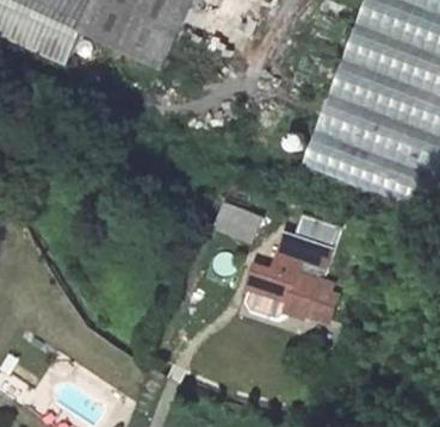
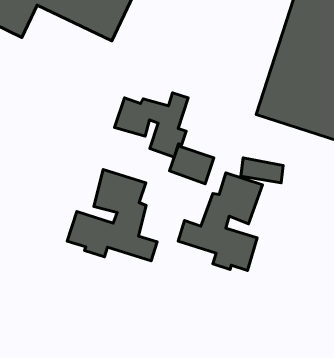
building: none -> [115,93,188,157]
building: none -> [67,170,157,261]

